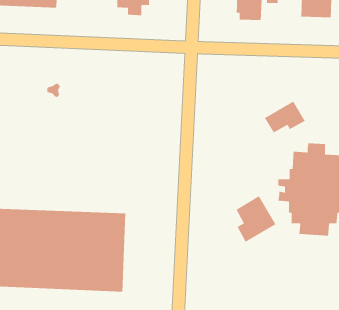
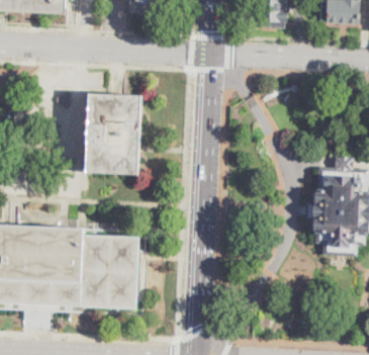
building: none -> [83,93,143,174]
building: [264,100,306,133] -> none
building: [236,195,276,243] -> none

